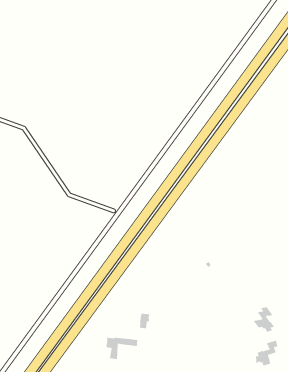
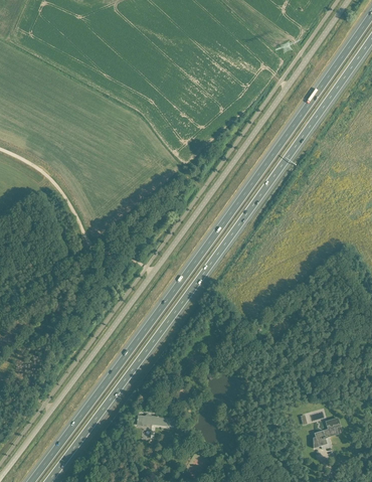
building: [253,306,275,333] -> none

